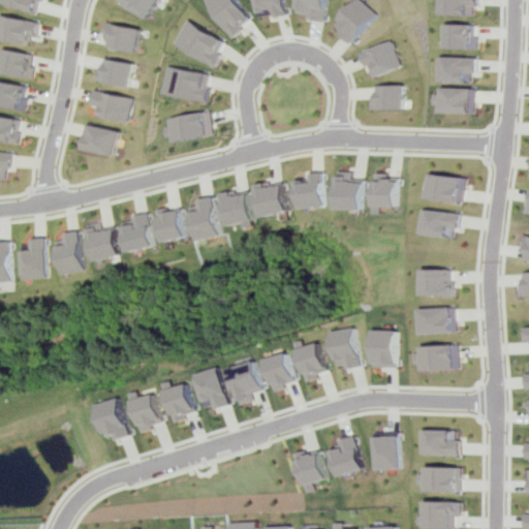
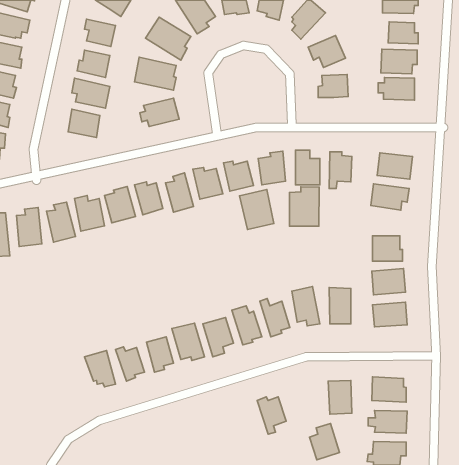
building: none -> [289,187,319,226]
building: none -> [239,190,274,229]
building: [329,435,363,476] -> [310,423,340,460]

